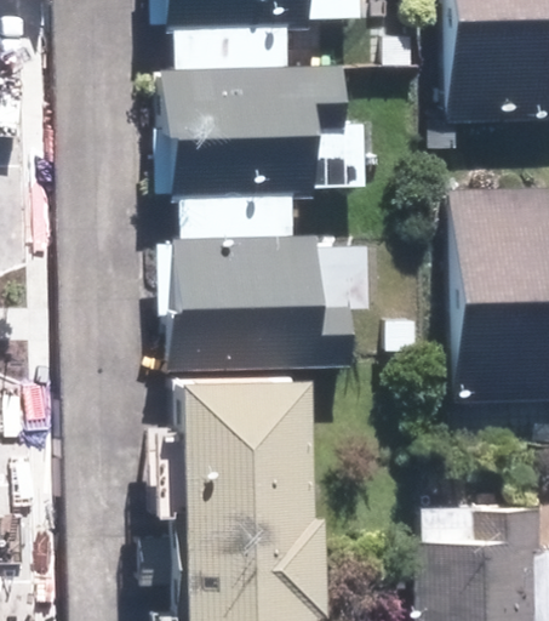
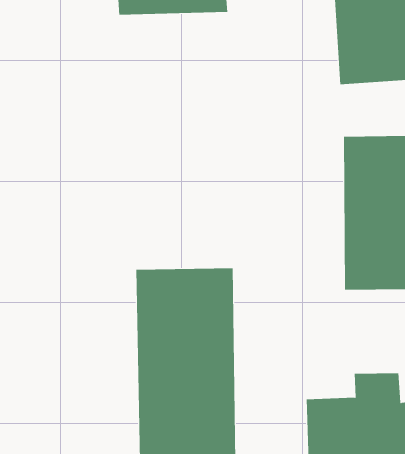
building: [166,64,347,195] -> none
building: [170,233,353,361] -> none

